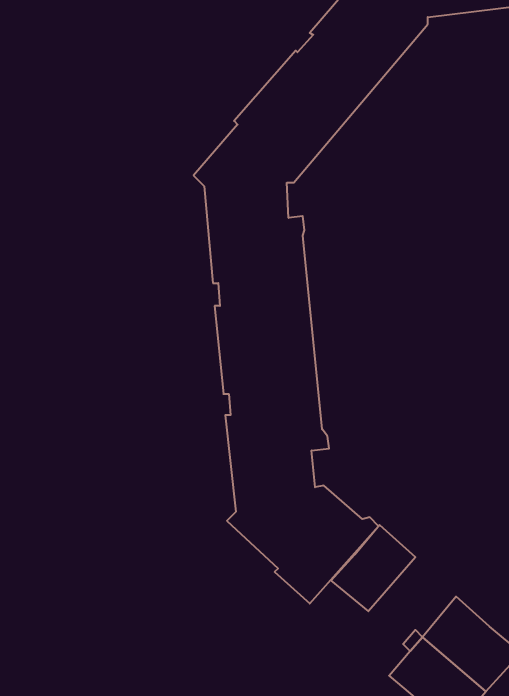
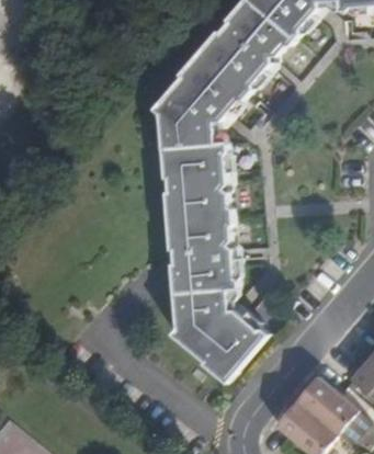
building: [331,525,415,611] -> none

